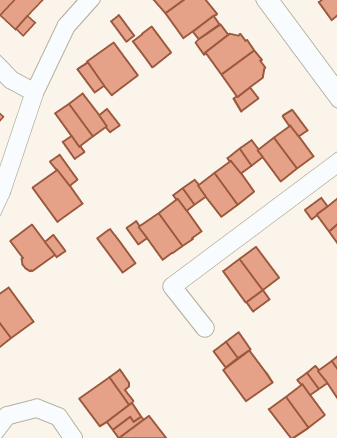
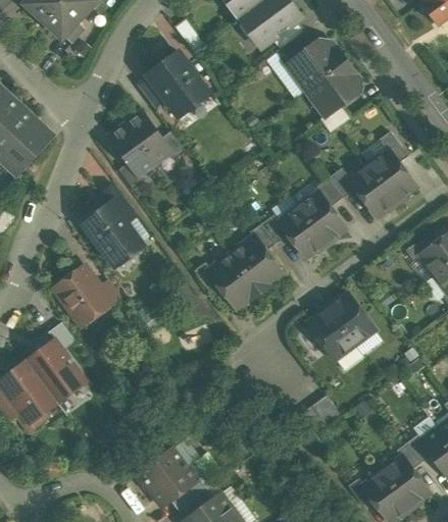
building: [133,27,171,67] -> none
building: [97,229,135,273] -> none
building: [223,350,273,401] -> none

